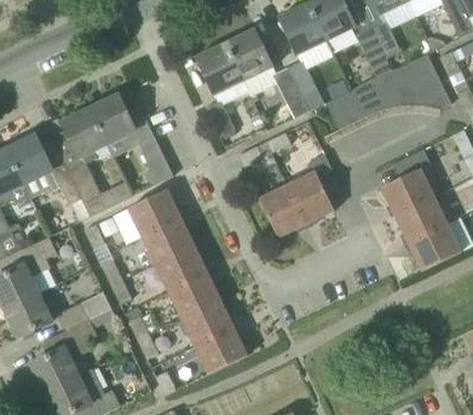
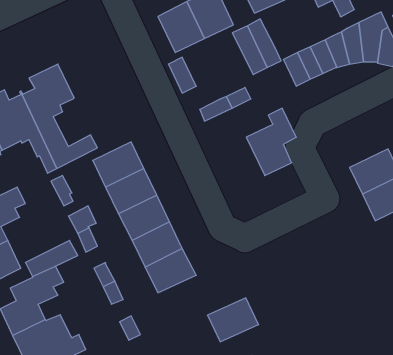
building: [91,94,173,186] -> none
building: [381,149,434,215] -> none
building: [259,184,306,237] -> none
building: [195,328,248,374] -> [207,298,259,342]

